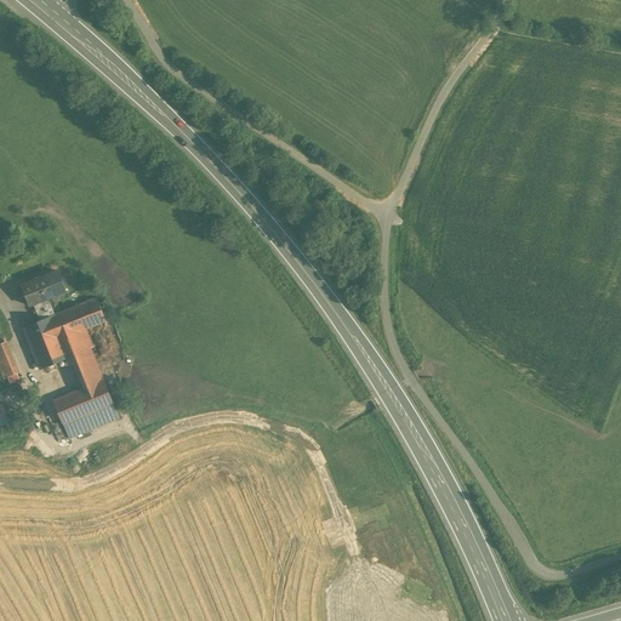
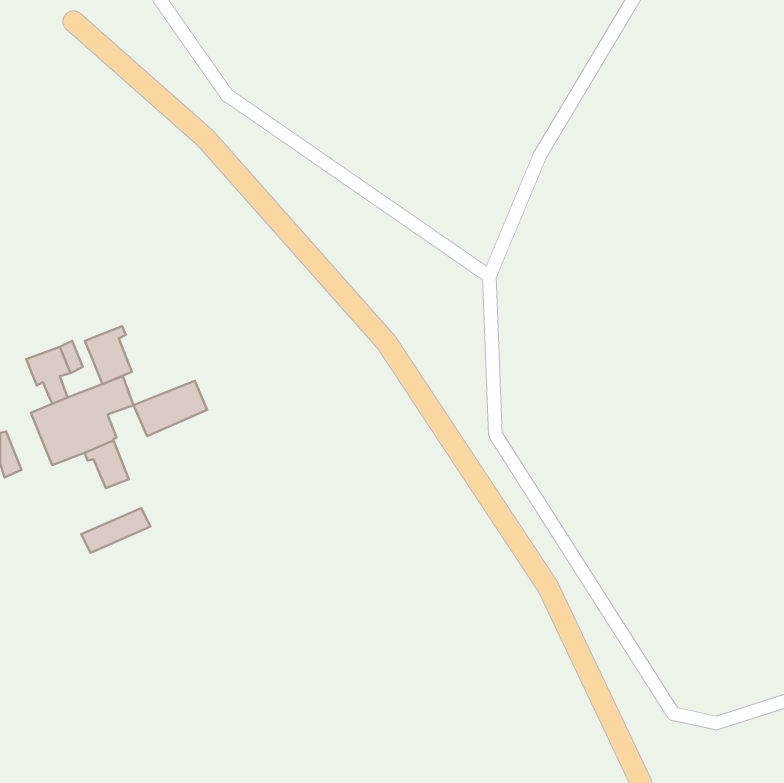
building: none -> [85,326,132,384]
building: [53,378,112,422] -> [133,381,207,436]

